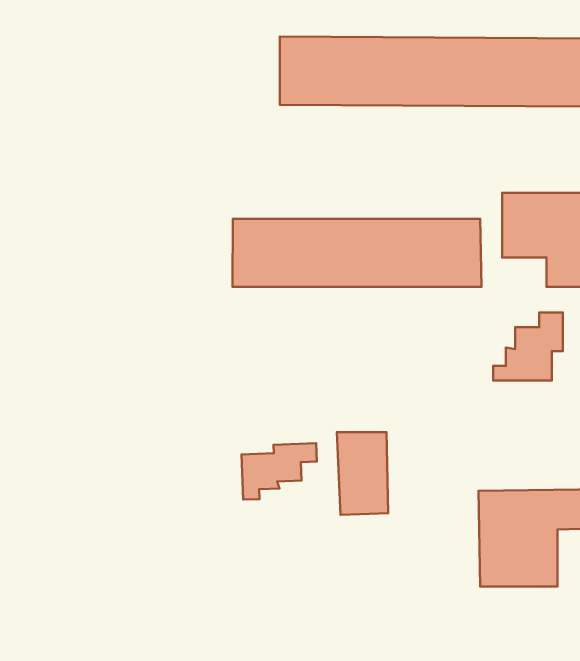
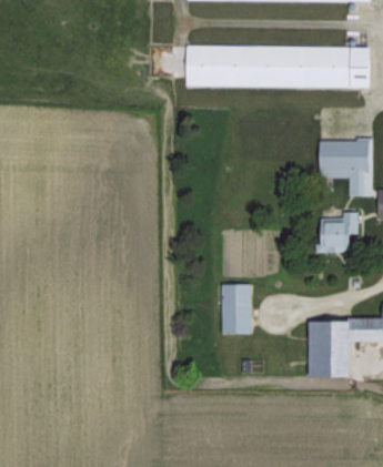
building: [232,219,481,287] -> none
building: [241,443,317,500] -> none

